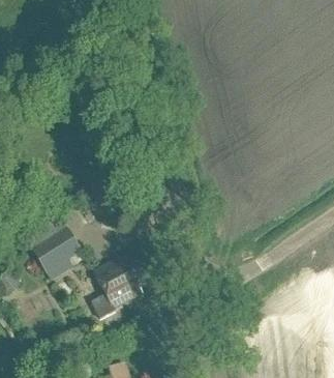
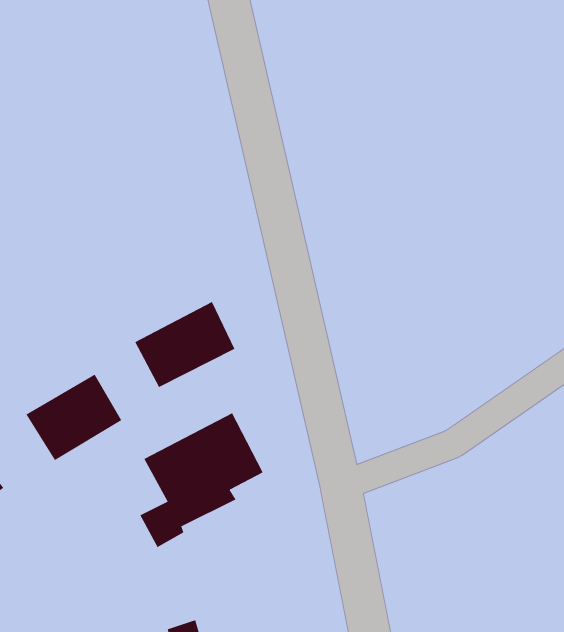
building: none -> [135,301,235,388]

